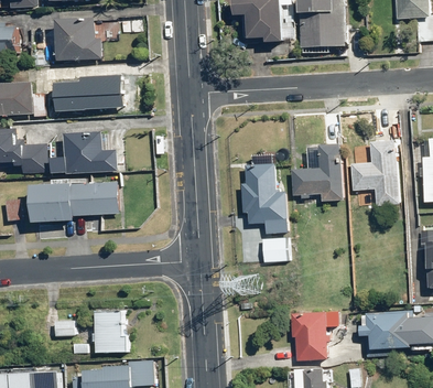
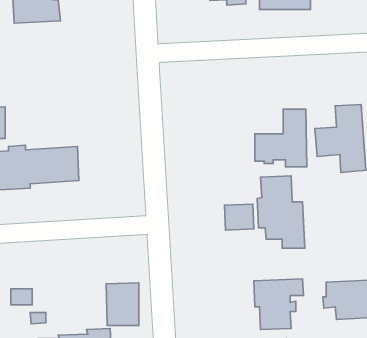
building: [50,73,120,108] -> none
building: [50,132,119,172] -> none
building: [240,163,286,234] -> [257,176,305,248]
building: [94,310,126,352] -> [106,283,139,326]

